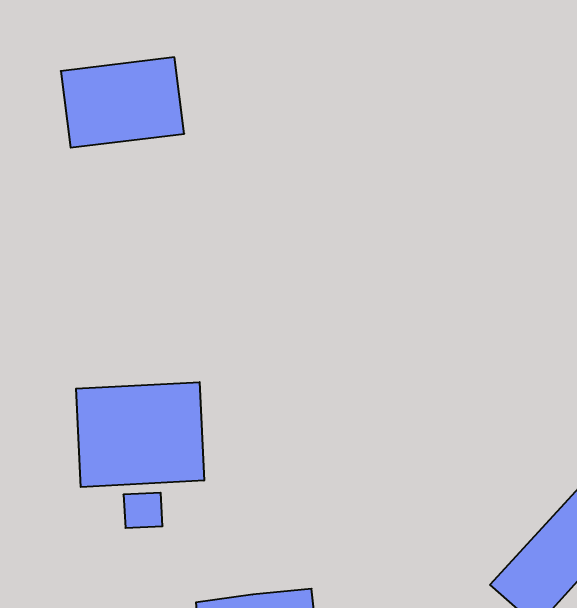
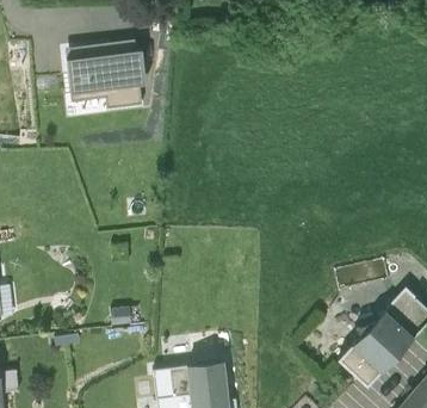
building: [76,382,204,487] -> none

